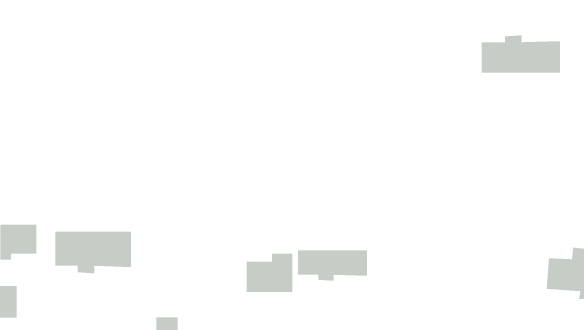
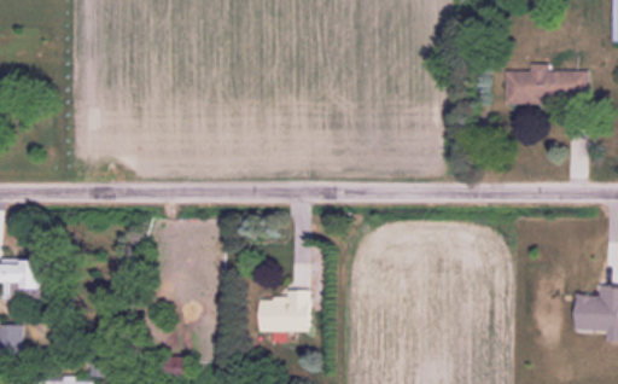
building: [55,231,131,274] -> none
building: [297,250,368,281] -> none

